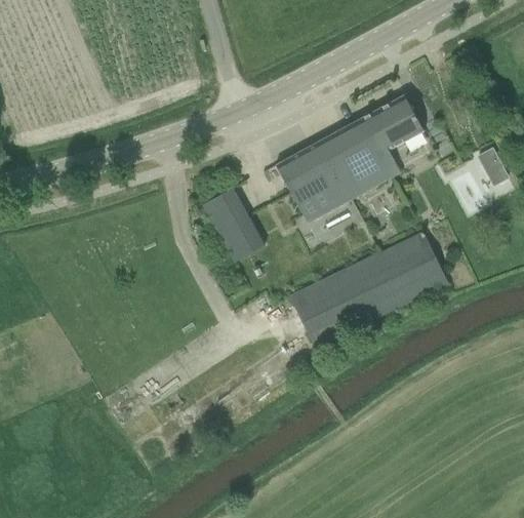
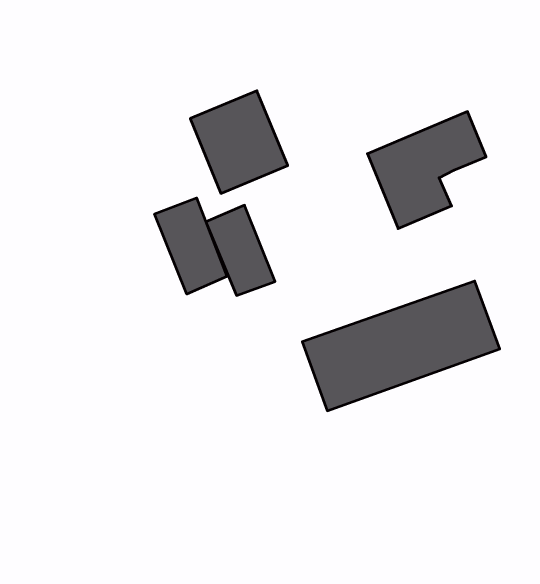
building: [276,137,358,223] -> [190,91,288,193]
building: none -> [155,198,227,294]

